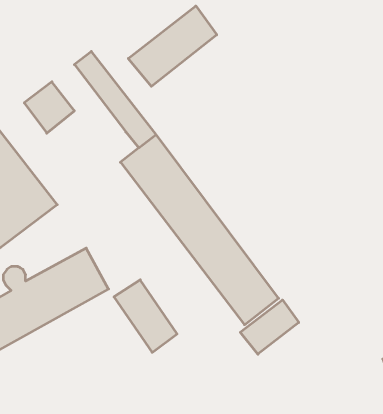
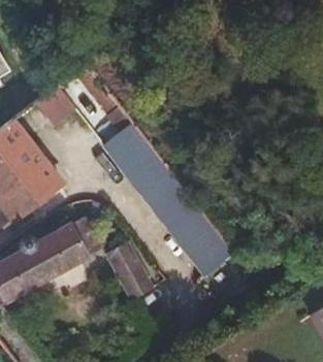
building: [128,6,217,86] -> none
building: [240,300,299,354] -> none

